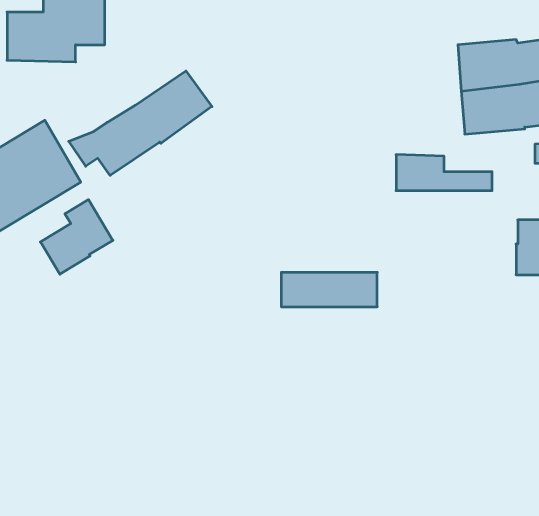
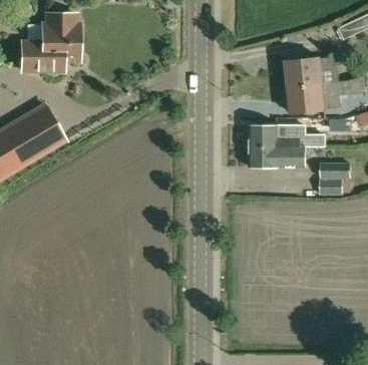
building: [69,71,212,175] -> none
building: [40,200,113,274] -> none
building: [281,272,377,307] -> [250,145,306,165]

